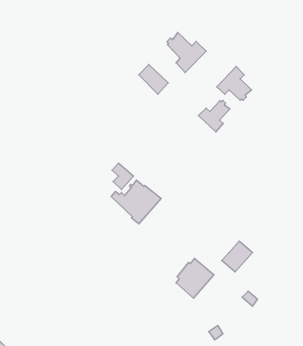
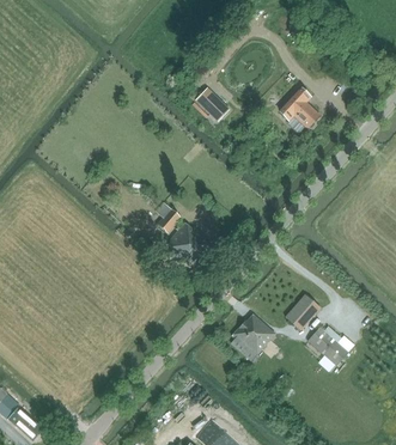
building: [167,33,206,72] -> none
building: [199,101,230,132] -> none
building: none -> [309,328,349,366]

